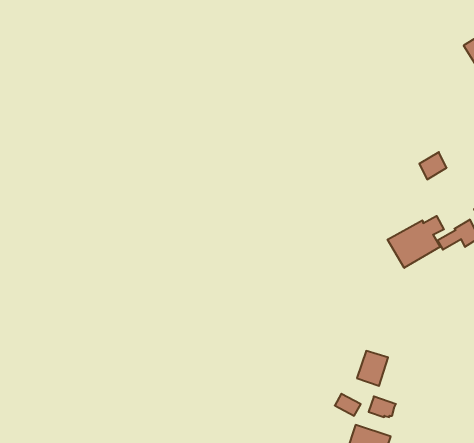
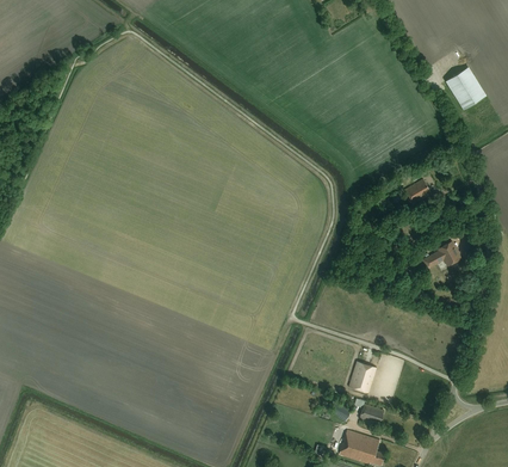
building: [388,216,444,268] -> none

